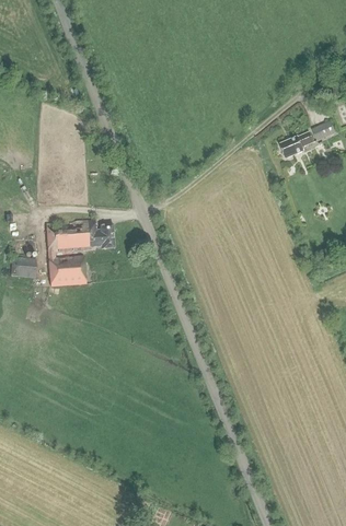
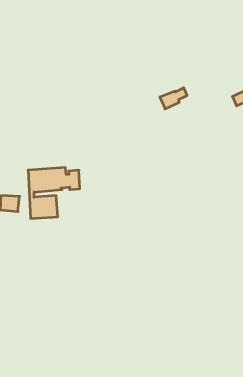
building: [278,131,313,159] -> [160,88,187,109]

